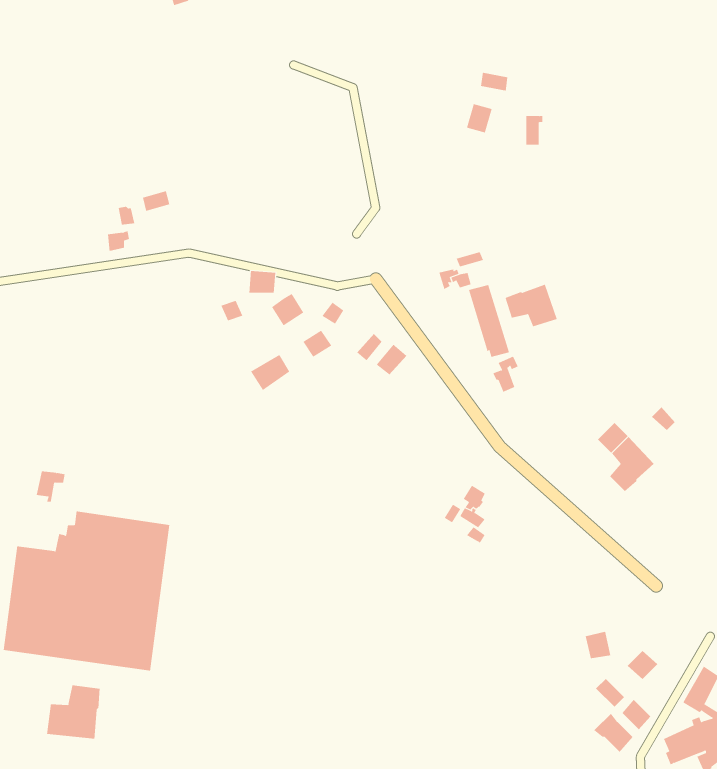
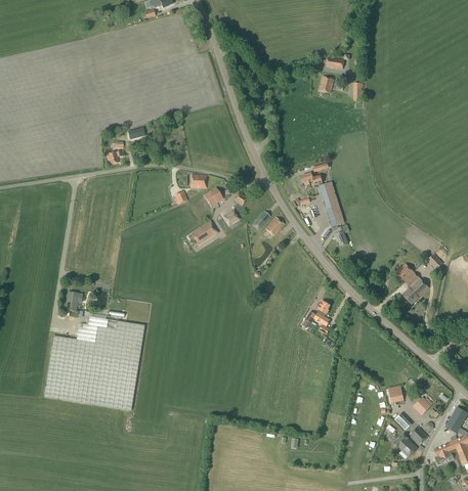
building: [505,284,558,327] -> none
building: [46,684,100,739] -> none

